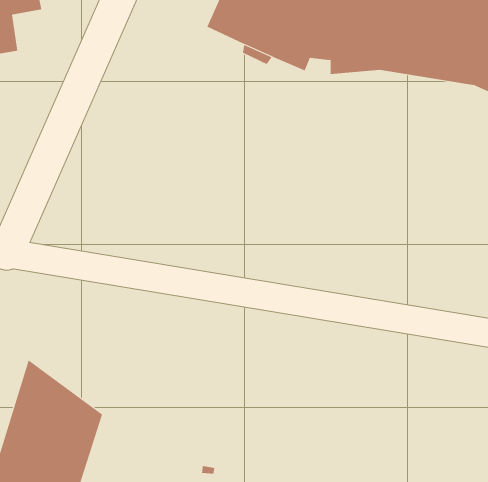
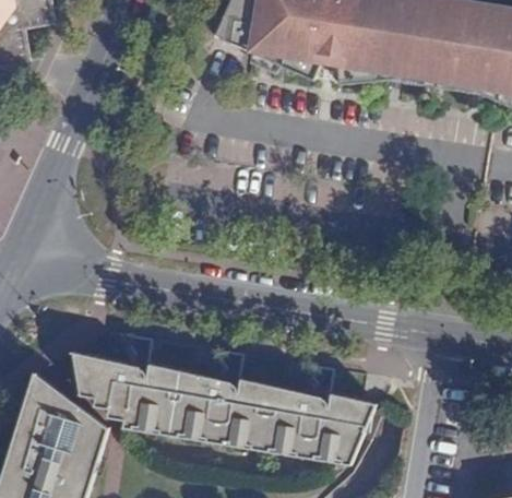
building: none -> [72,333,379,465]

